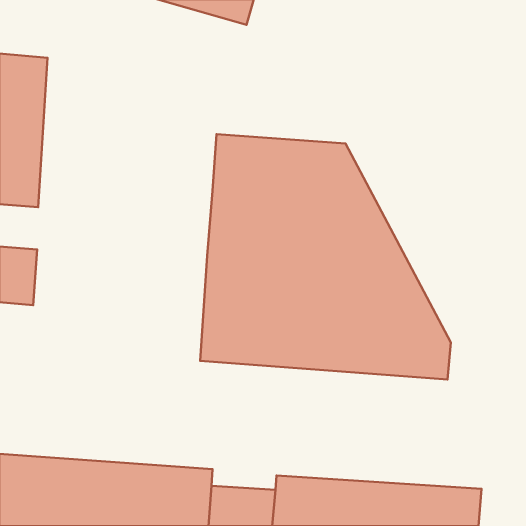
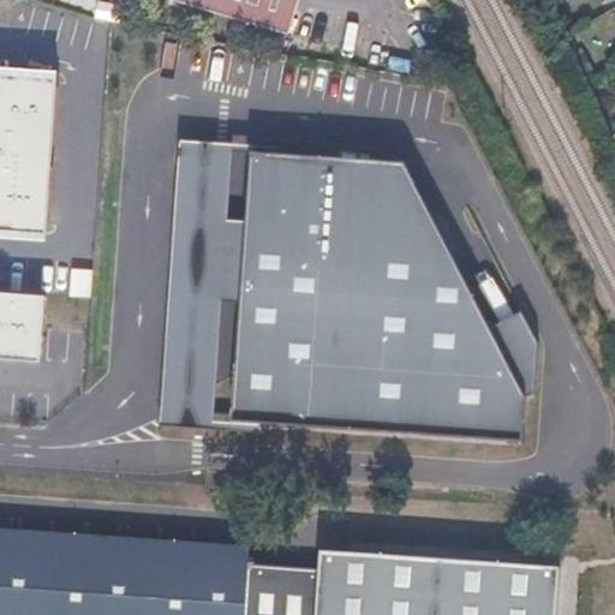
building: none -> [159,141,247,428]

